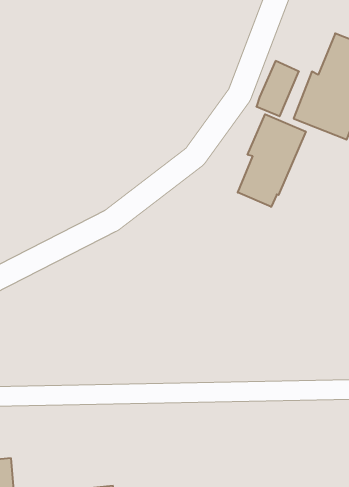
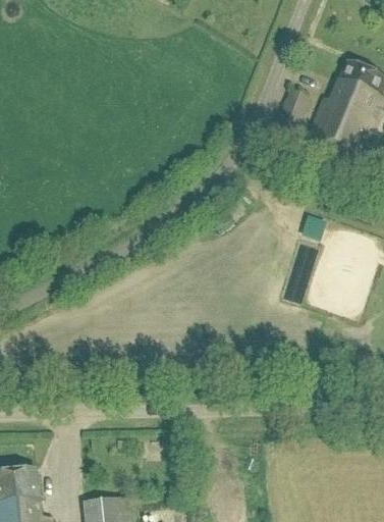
building: [238,114,306,207] -> none

